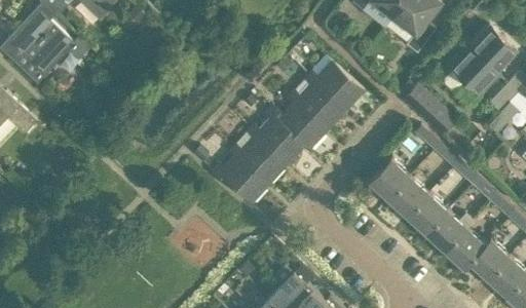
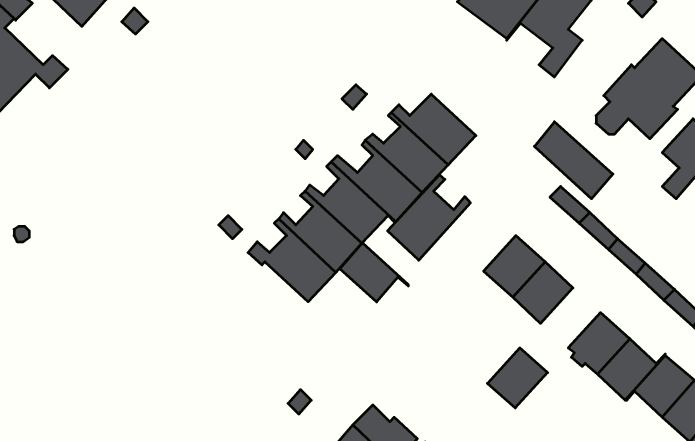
building: none -> [388,175,470,260]
building: none -> [340,243,408,302]
building: [407,195,447,235] -> [487,348,548,408]

